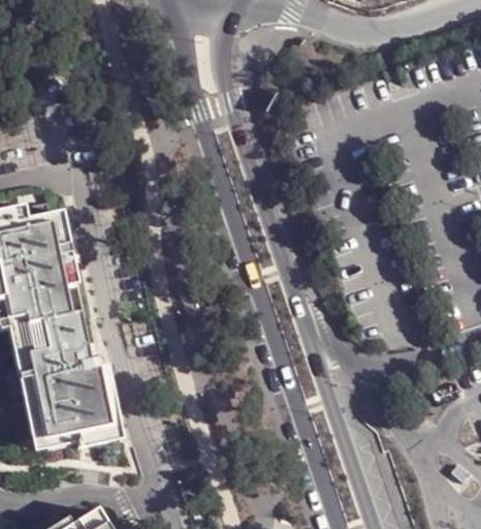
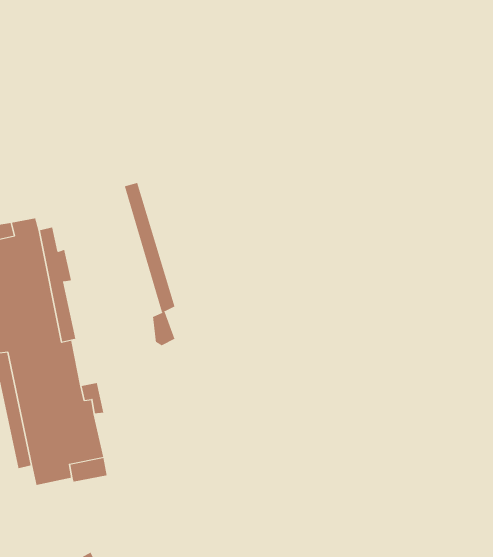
building: none -> [124,182,175,346]

